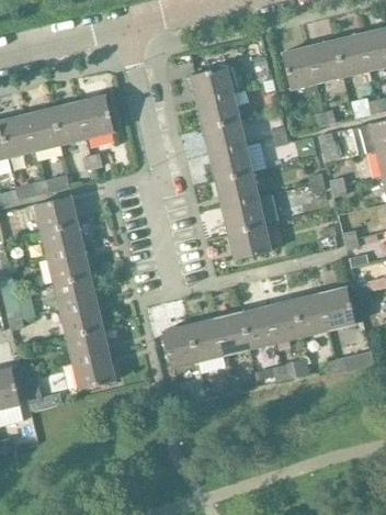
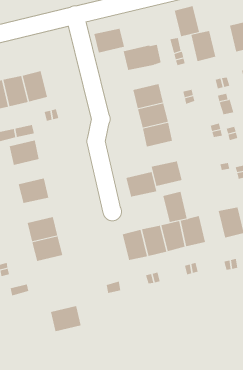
building: [308,40,343,82] -> [174,6,200,37]
building: [196,93,239,127] -> [93,28,125,53]
building: [79,94,114,137] -> none
building: [222,197,264,232] -> [126,172,157,197]
building: [41,222,83,256] -> none
building: [54,275,95,309] -> none
building: [294,292,328,335] -> [163,191,188,223]
building: [161,324,197,367] -> none
building: [72,352,115,389] -> [50,305,82,332]

